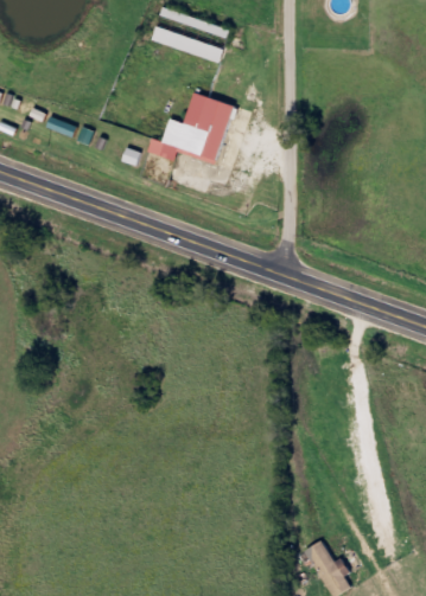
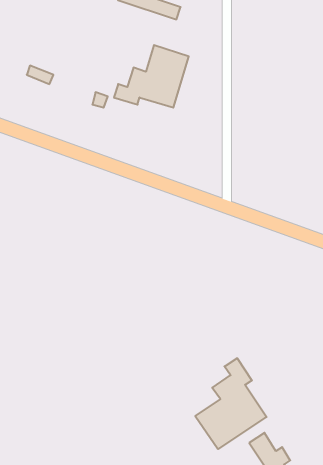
building: none -> [195,358,267,449]

